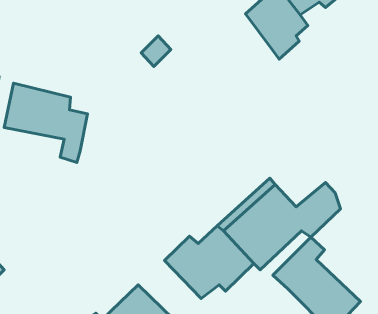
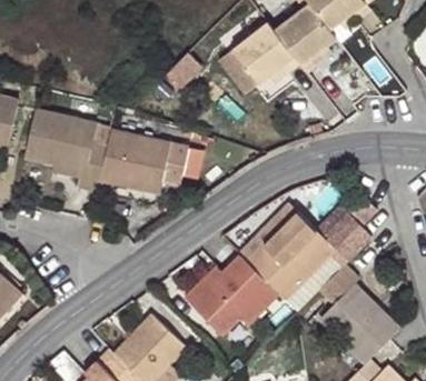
building: none -> [231,24,299,88]
building: none -> [96,128,188,190]

